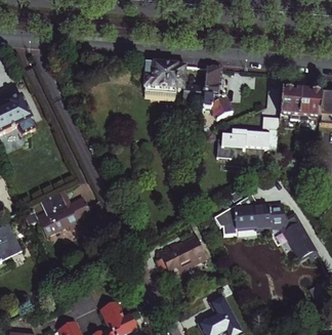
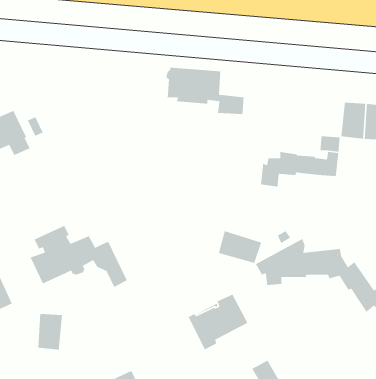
building: [203,67,233,119] -> none
building: none -> [218,230,262,264]
building: none -> [37,313,63,351]

